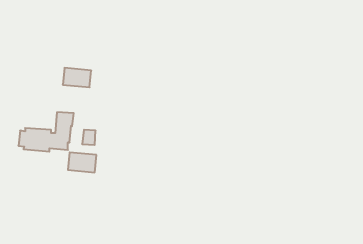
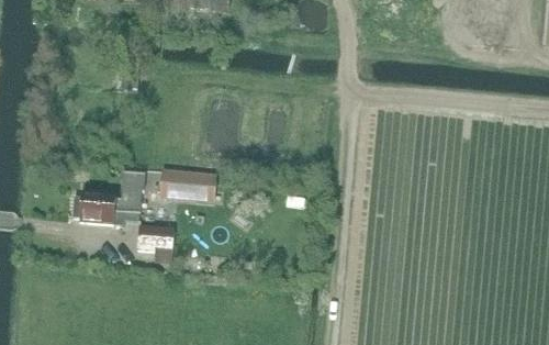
building: [63,68,91,87] -> [160,167,198,192]

